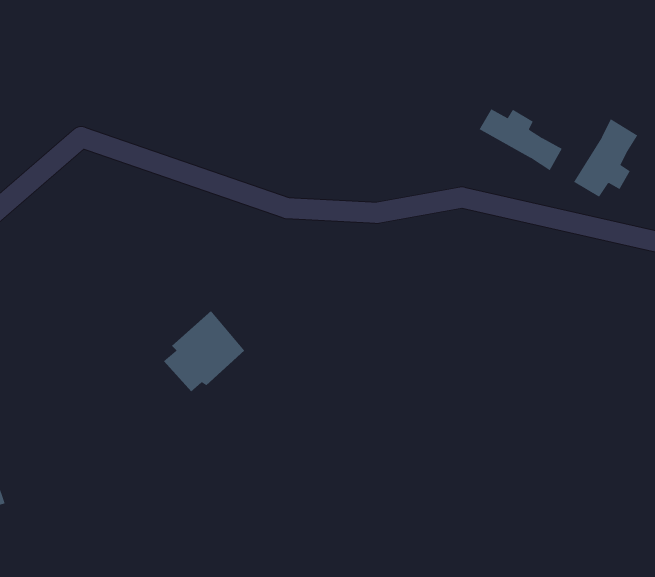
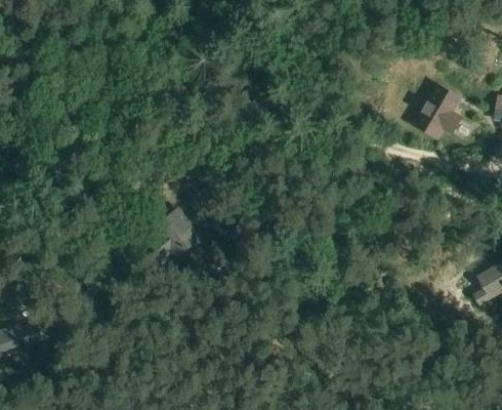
building: [479,109,562,171] -> none

